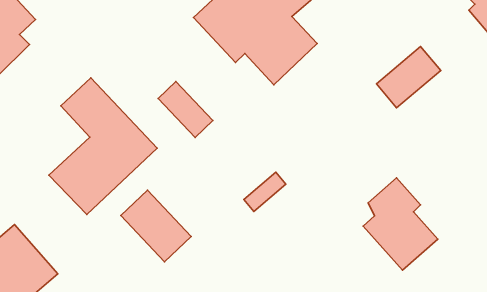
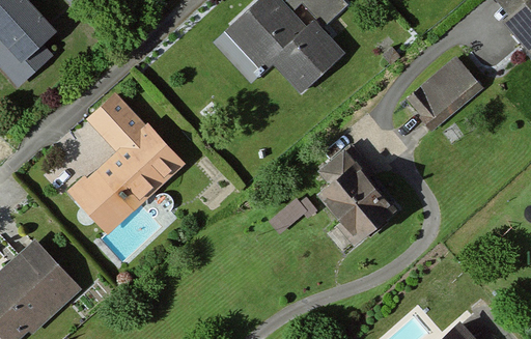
building: [158,82,213,137] -> none
building: [363,178,438,270] -> [314,145,391,241]
building: [121,190,191,262] -> none

